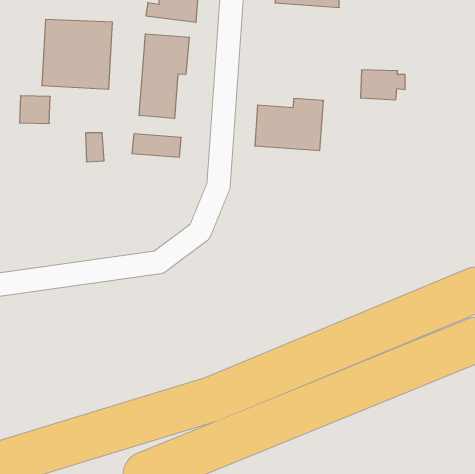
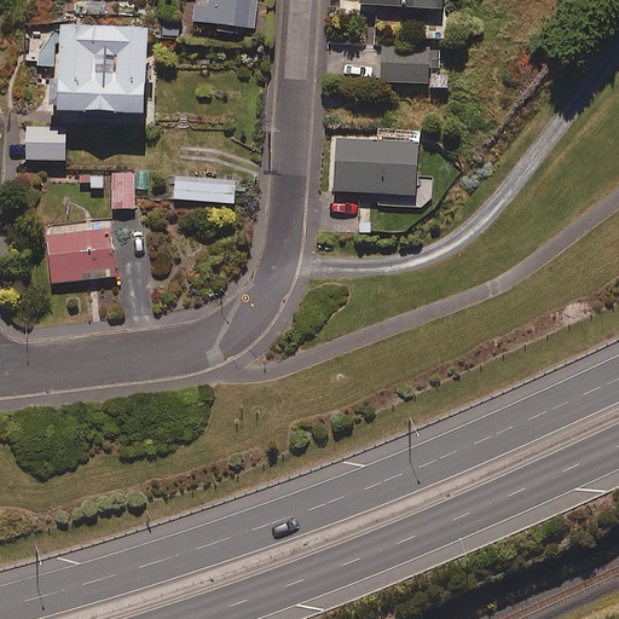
building: [139,34,189,119] -> none
building: [360,70,405,100] -> [381,44,439,82]
building: none -> [46,227,115,283]

